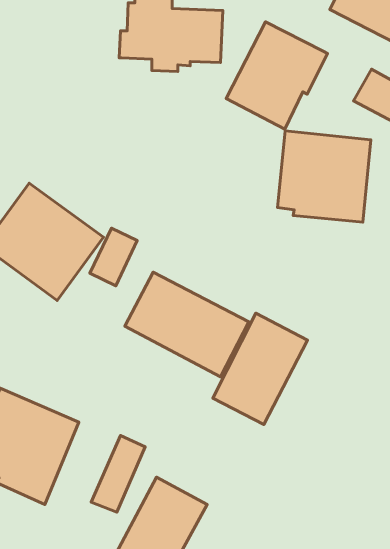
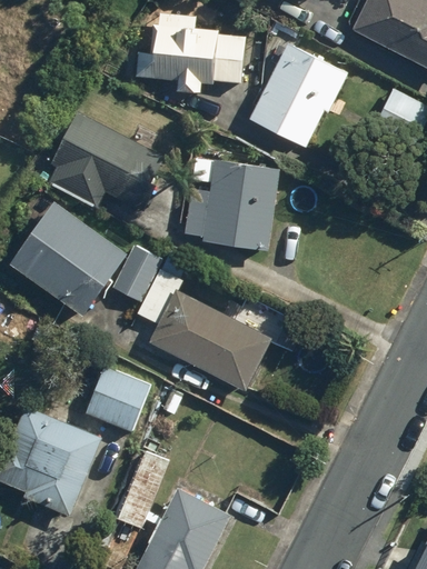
building: none -> [41,111,166,213]
building: [277,131,371,222] -> [185,159,277,249]
building: [213,313,307,424] -> none
building: none -> [85,365,150,431]

